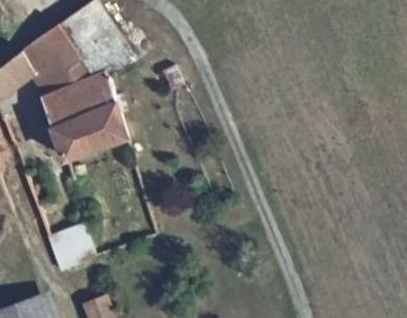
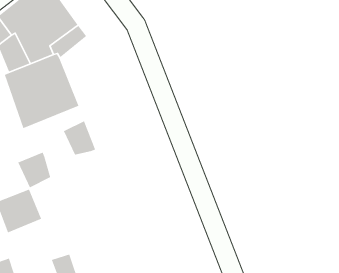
building: none -> [63,120,96,156]
building: none -> [17,151,51,188]

